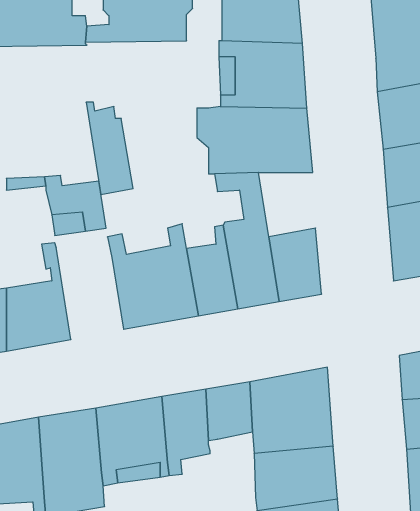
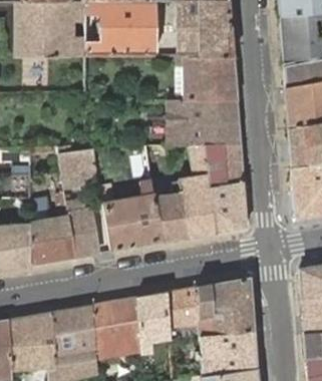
building: [86,102,133,194] -> [64,196,96,259]
building: none -> [203,144,242,188]

